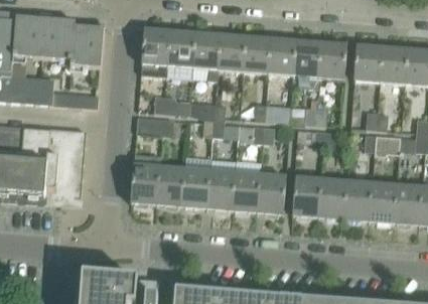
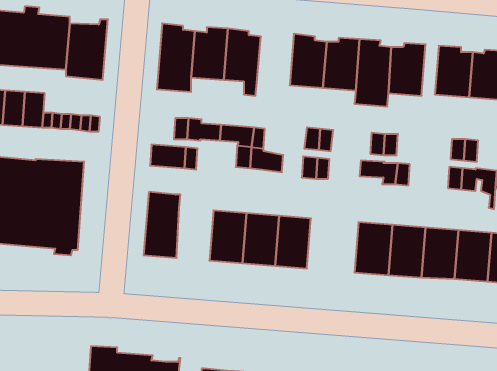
building: [218,31,246,71] -> none
building: [156,165,184,205] -> none
building: [256,167,286,213] -> none

